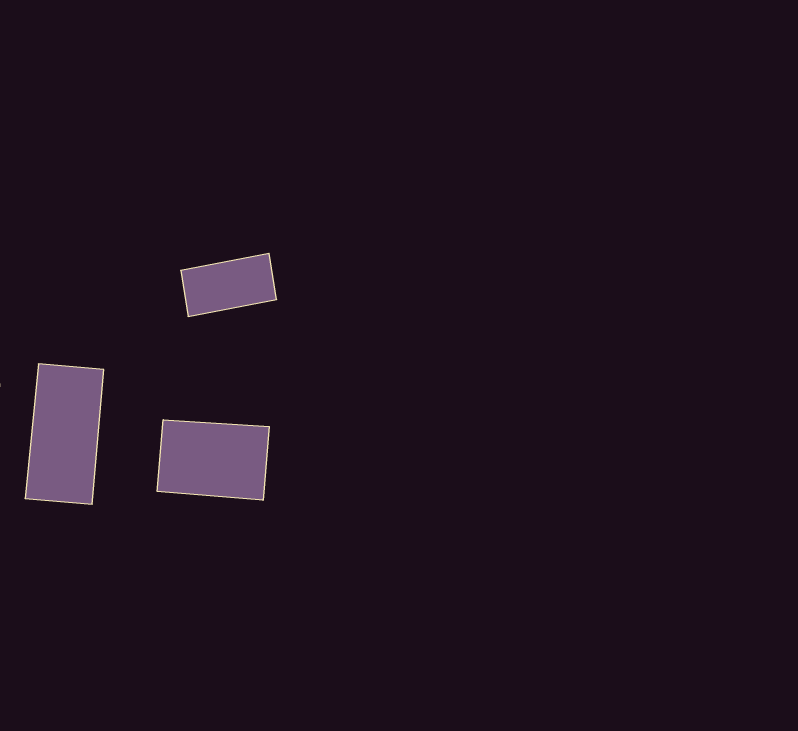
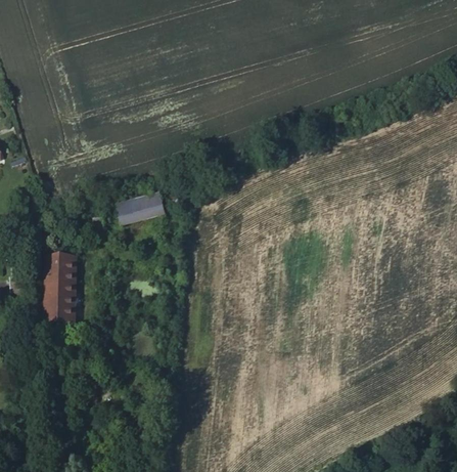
building: [157,420,269,500] -> none

